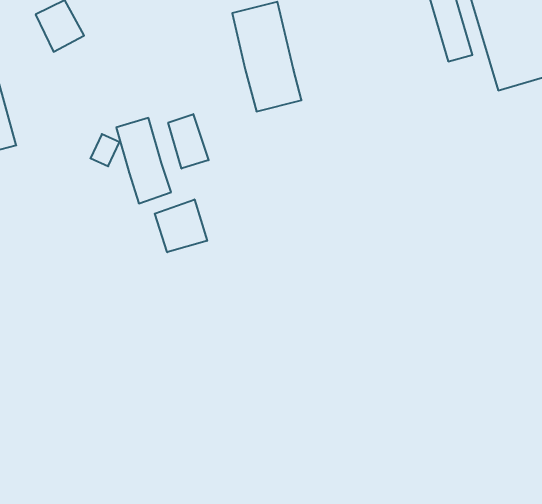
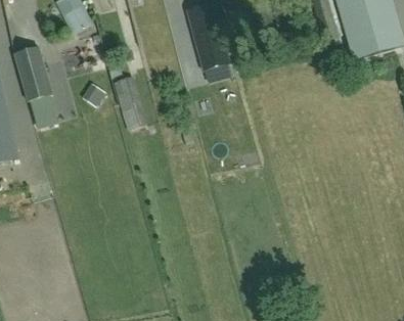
building: [168,114,209,169] -> none
building: [155,199,207,252] -> none

